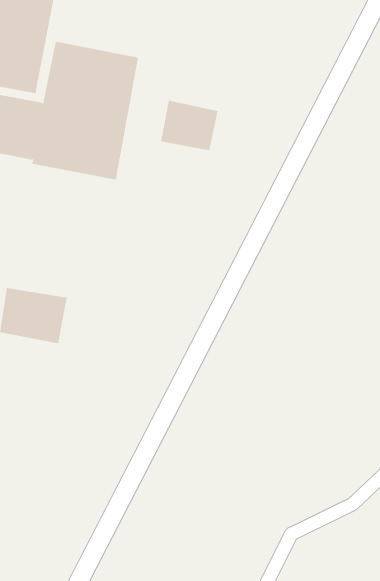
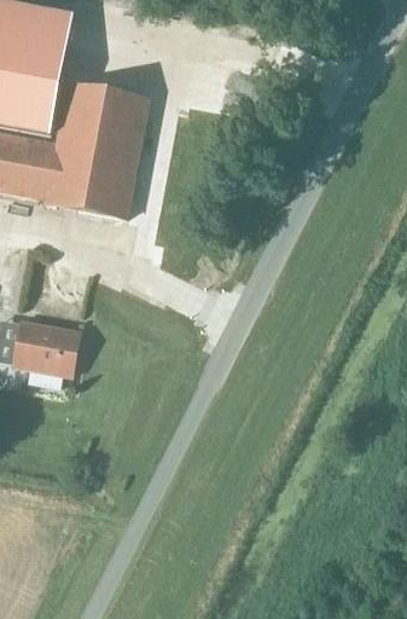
building: [161,100,218,151] -> none

